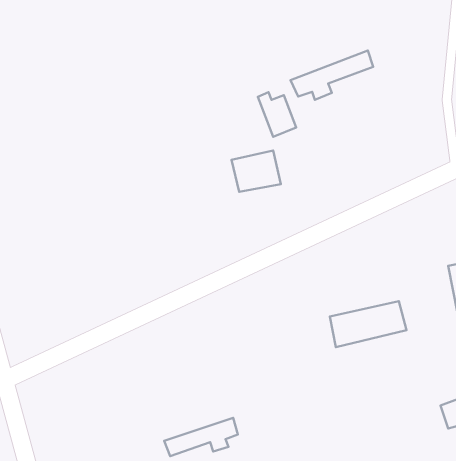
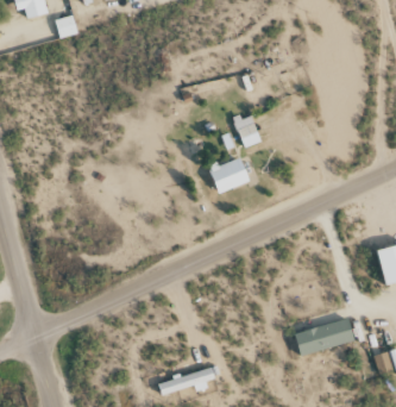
building: [291,50,373,100] -> none
building: [330,301,406,347] -> [295,319,354,355]

